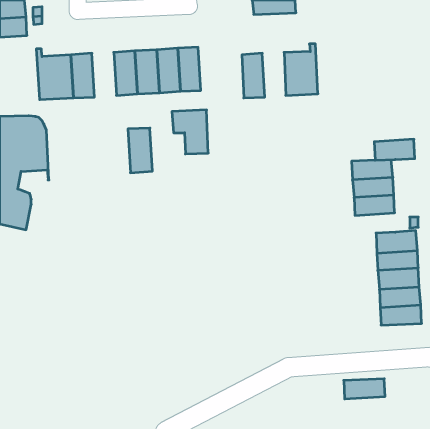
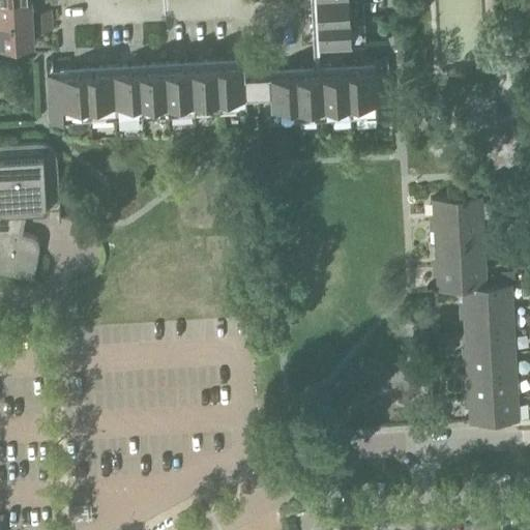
building: none -> [312,19,365,49]
building: none -> [322,67,351,122]
building: [172,110,208,154] -> [255,70,299,124]
building: [128,128,152,173] -> [113,67,143,122]
building: [374,139,415,160] -> [436,264,485,290]
building: [344,379,385,399] -> [468,400,519,424]

